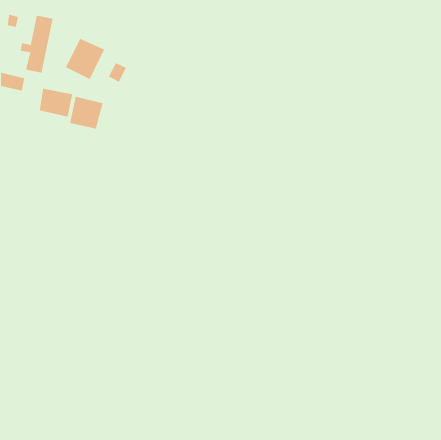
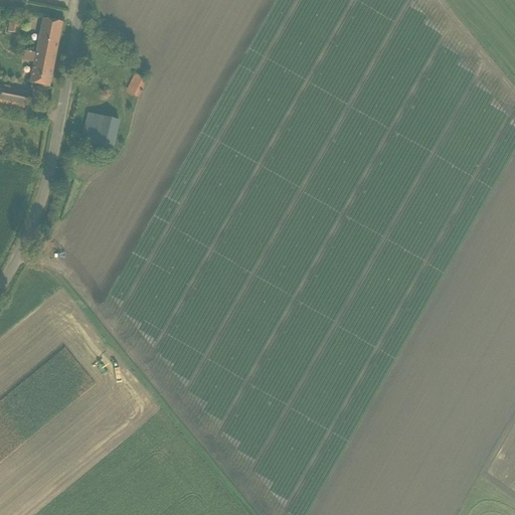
building: [65,38,105,80] -> none
building: [39,88,73,117] -> none

